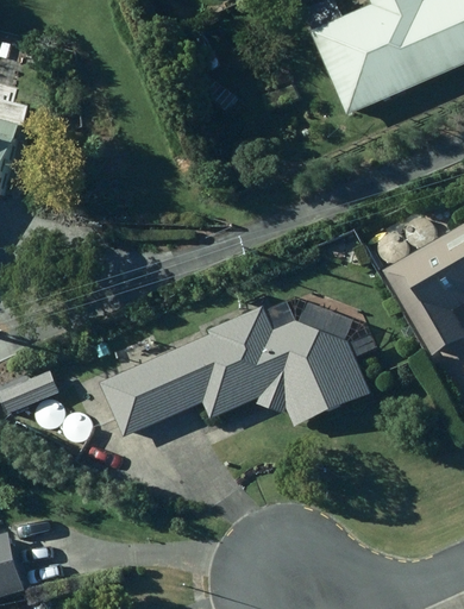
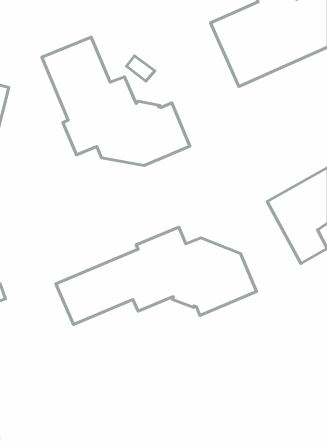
building: none -> [42,37,190,165]

